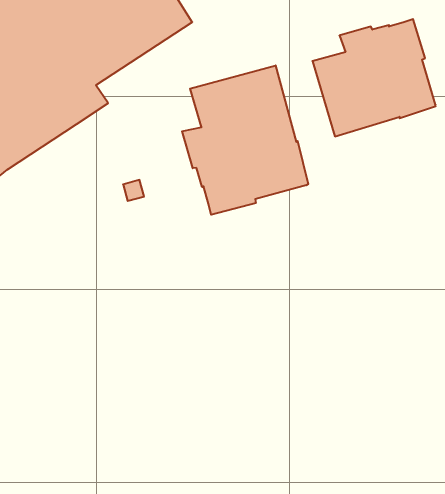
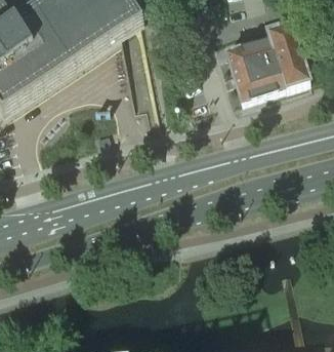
building: [182,65,308,215] -> none

